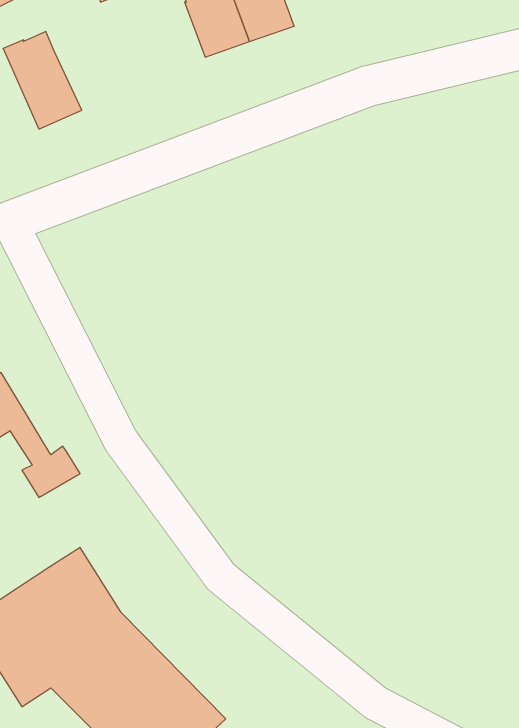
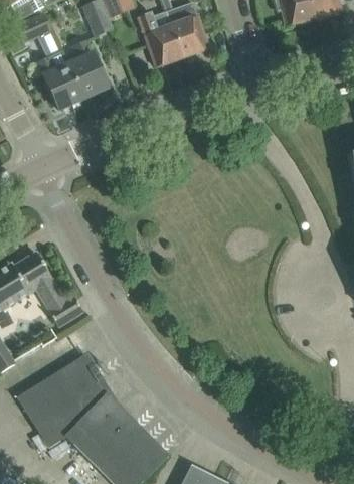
building: none -> [68,39,109,98]

